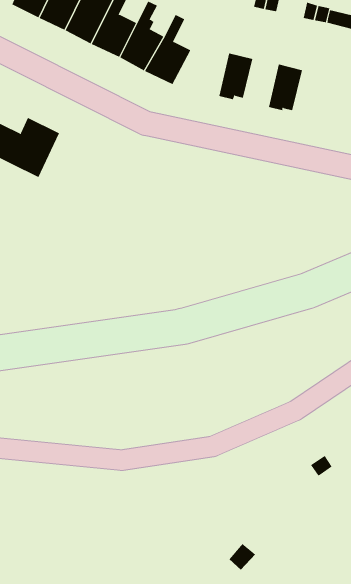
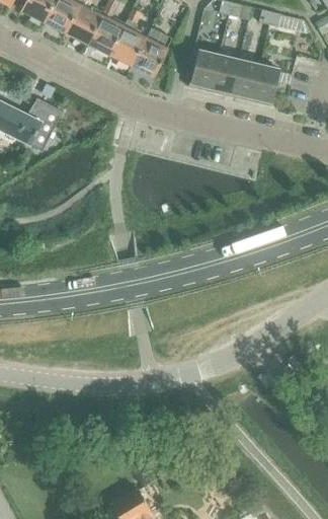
building: none -> [212,55,240,94]
building: none -> [252,64,280,104]

